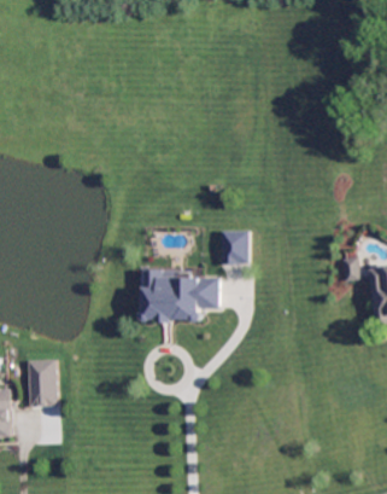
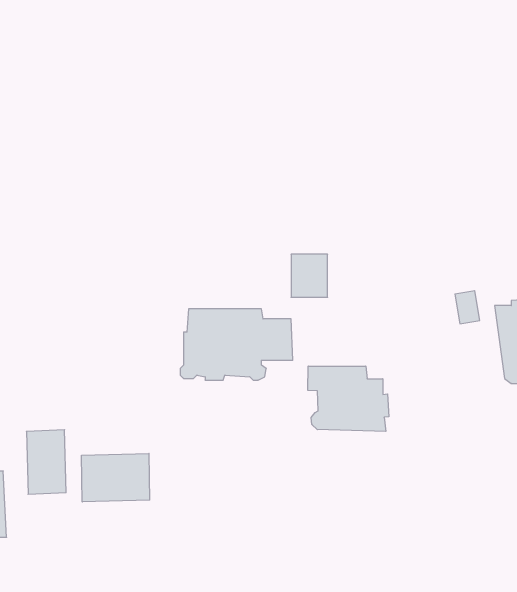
building: none -> [308,366,389,431]
building: none -> [82,453,150,502]

